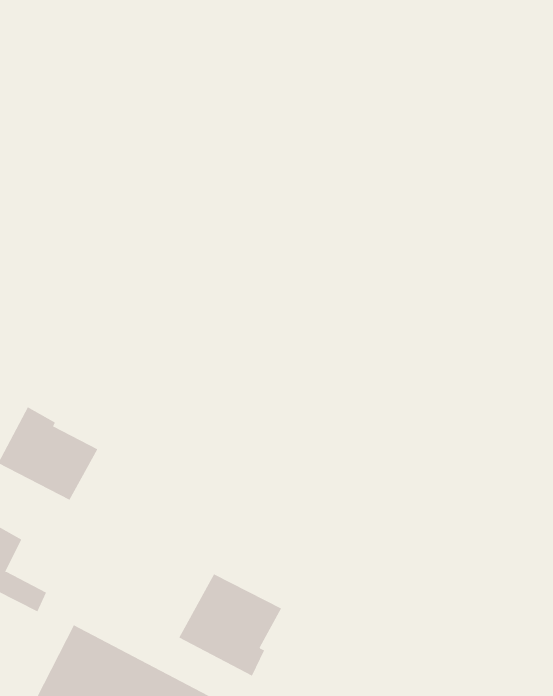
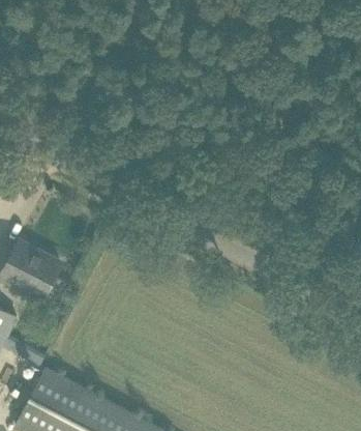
building: [178,574,282,677] -> none

